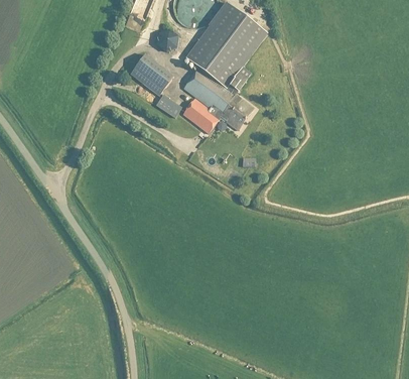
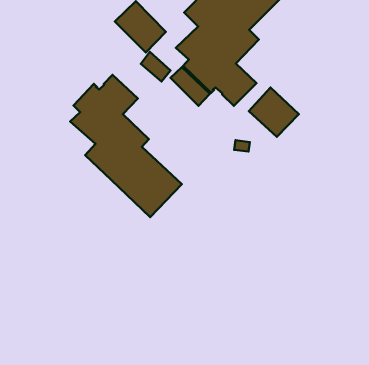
building: none -> [249,87,299,137]
building: none -> [70,75,182,217]

